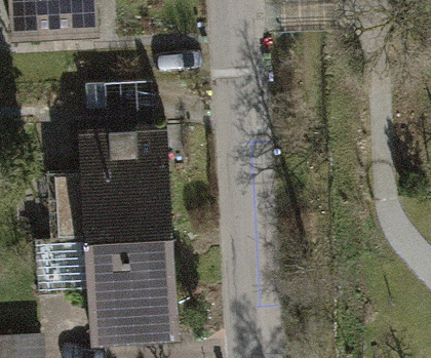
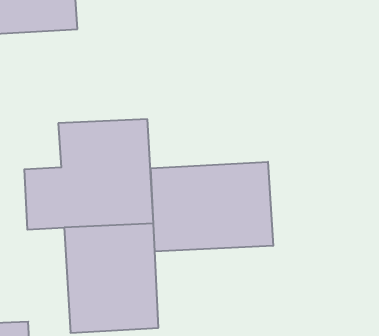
building: none -> [151,162,273,252]

